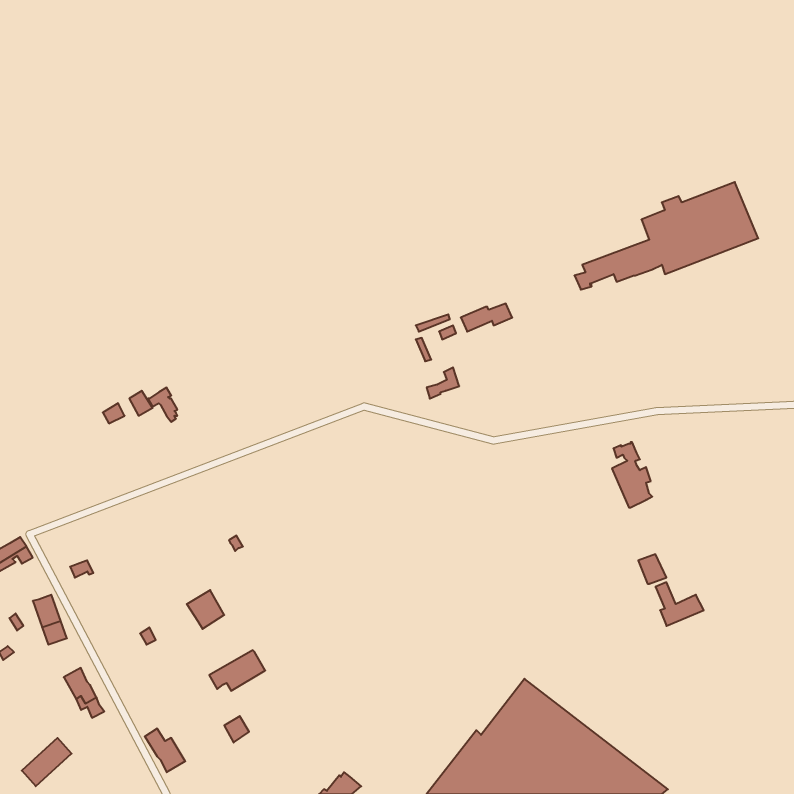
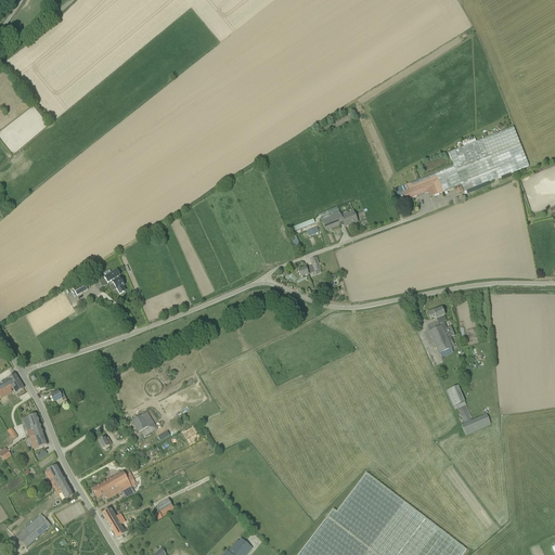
building: [209,650,265,691] -> [91,472,130,500]

